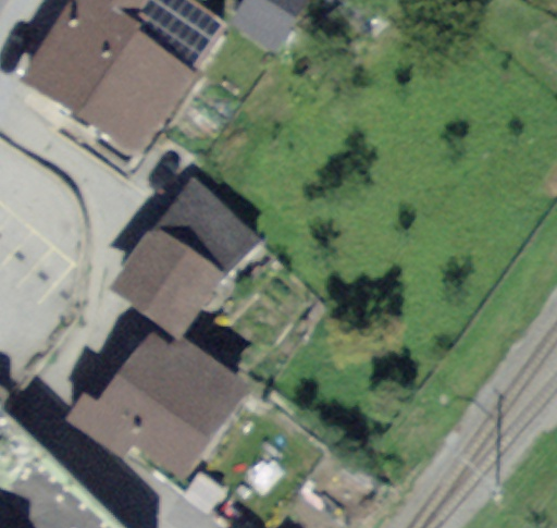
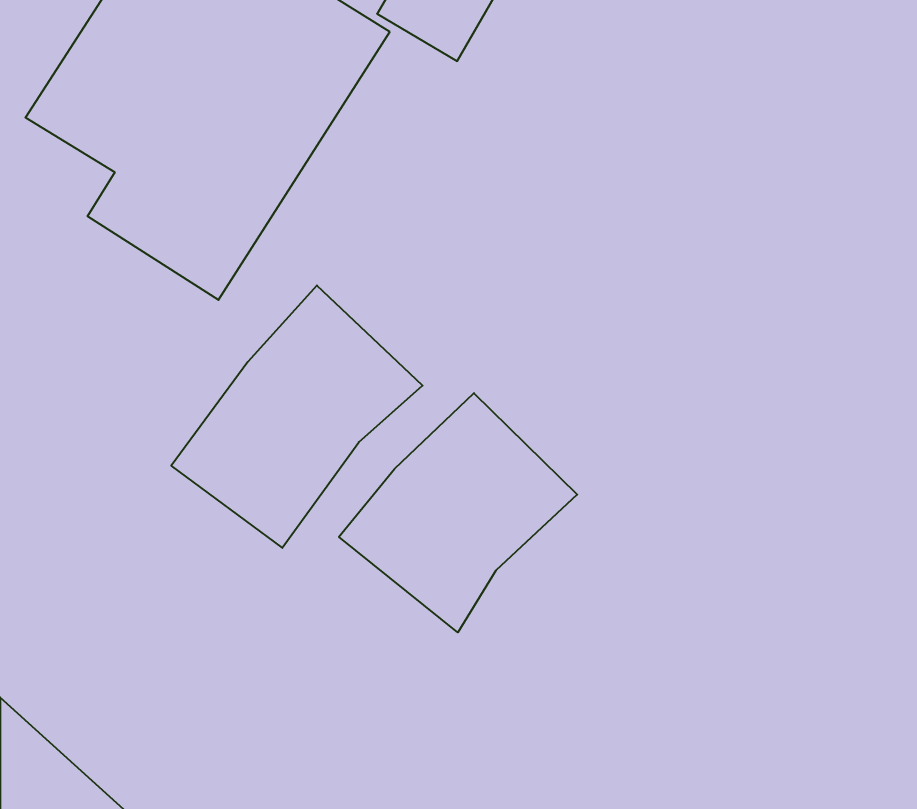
building: none -> [339,393,577,632]
building: [74,330,236,471] -> none

